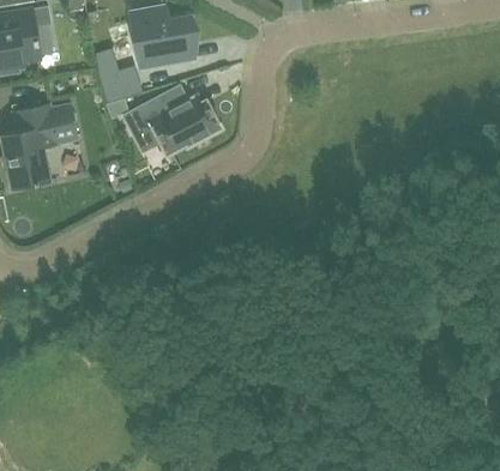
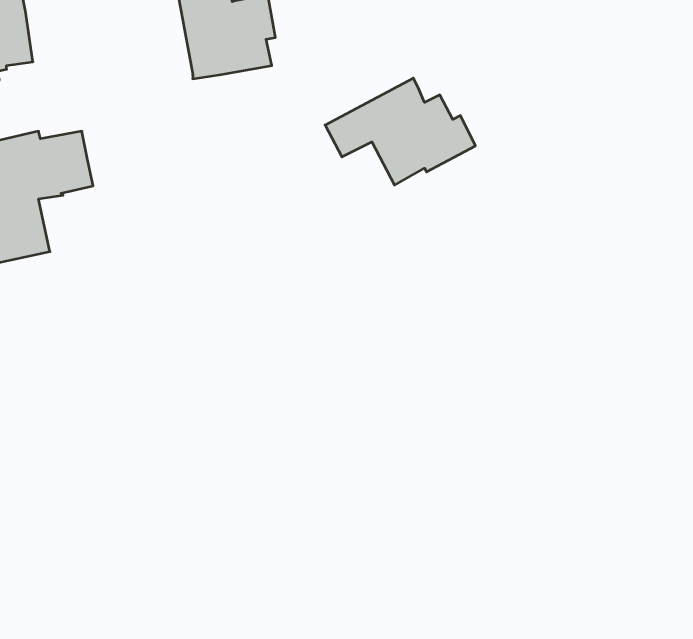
building: [100,67,140,101] -> none
building: [122,85,218,153] -> [325,78,475,185]

